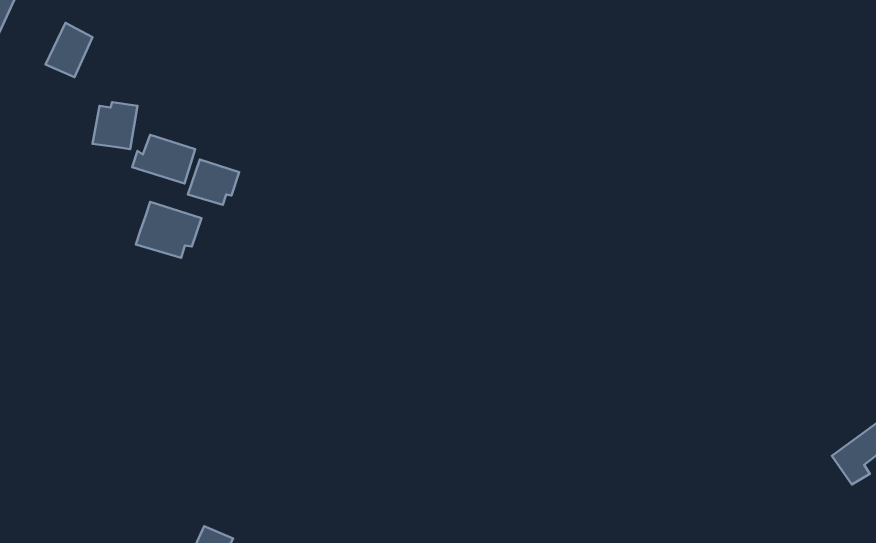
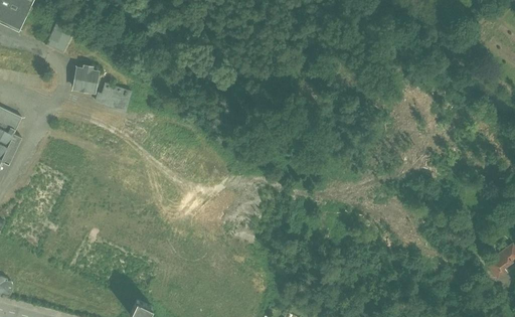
building: [188,160,239,205] -> none
building: [136,202,202,258] -> none

